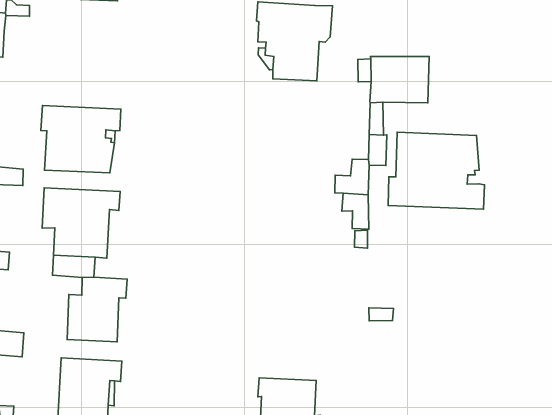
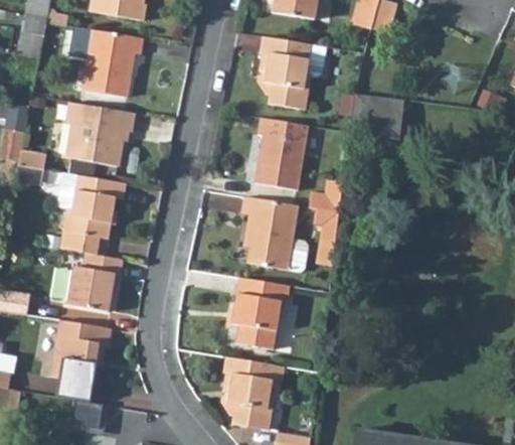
building: none -> [81,29,143,97]
building: none -> [253,117,308,189]
building: [388,132,485,209] -> none
building: none -> [240,195,308,271]
building: none -> [230,277,289,348]

